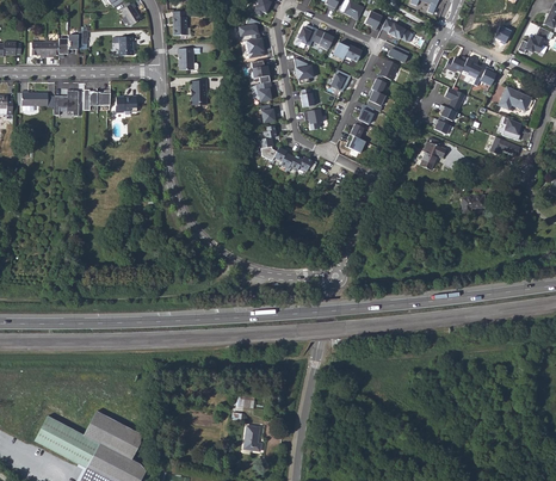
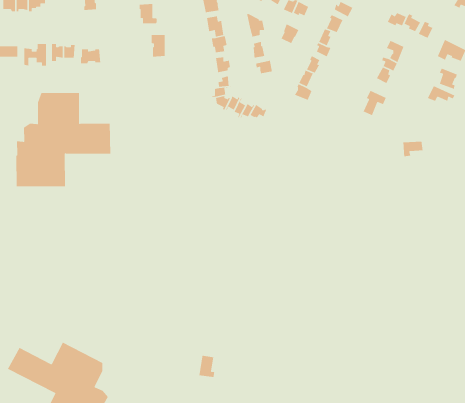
building: none -> [15,92,111,187]

